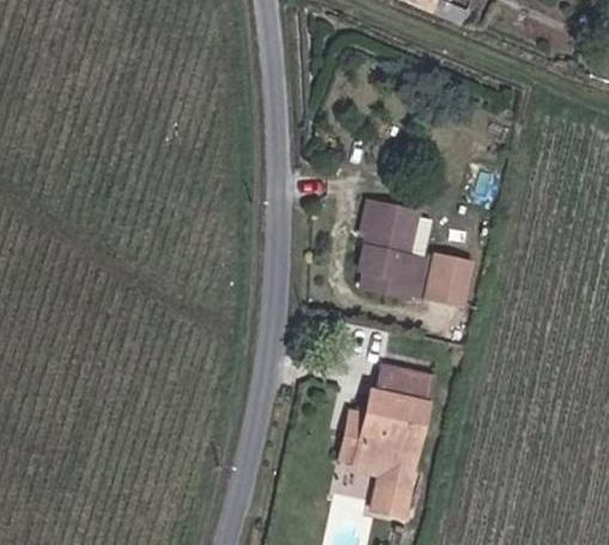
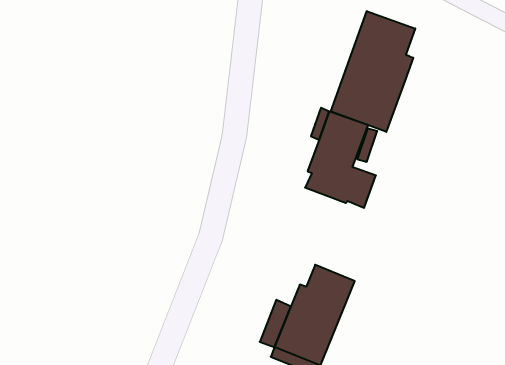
building: none -> [331,11,415,132]
building: [436,262,473,304] -> none

